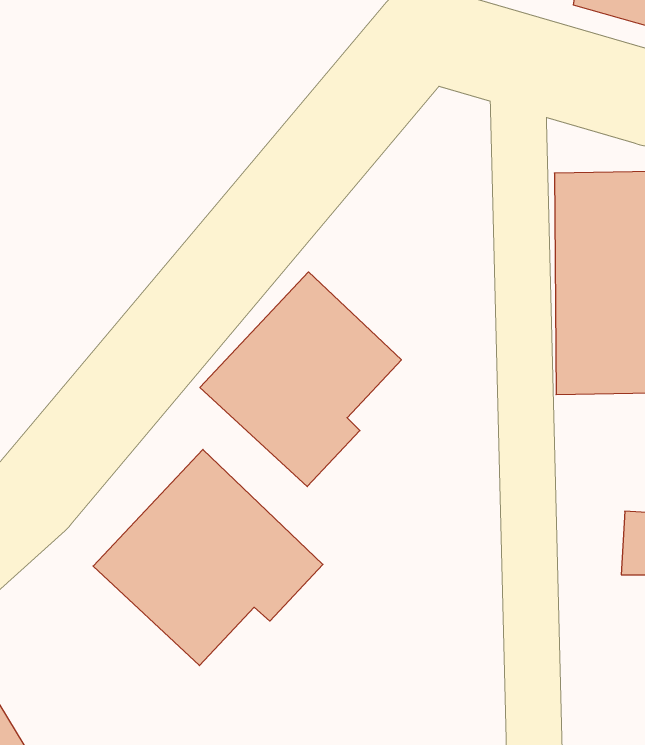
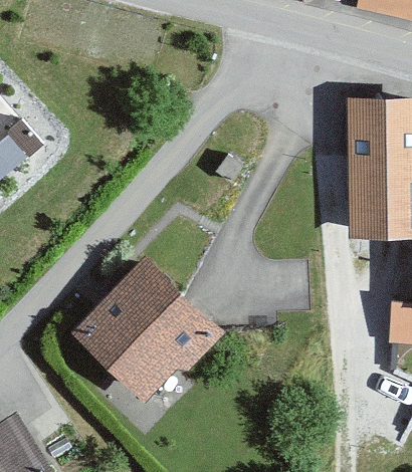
building: [200,272,401,487] -> none

